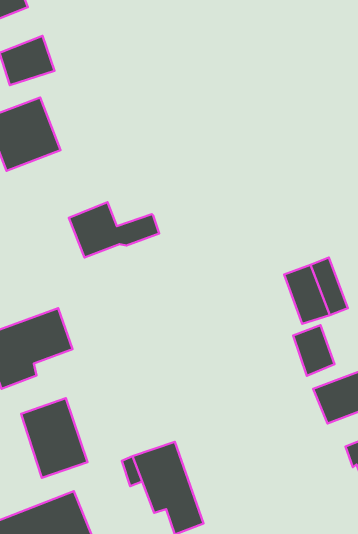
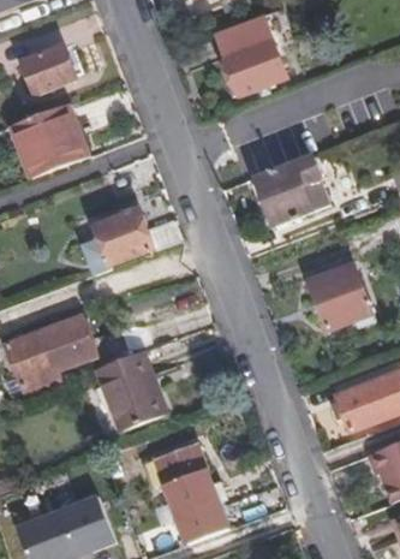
building: none -> [213,14,283,93]
building: none -> [253,153,333,226]
building: [293,325,335,376] -> none
building: [21,398,87,478] -> [97,351,163,430]

